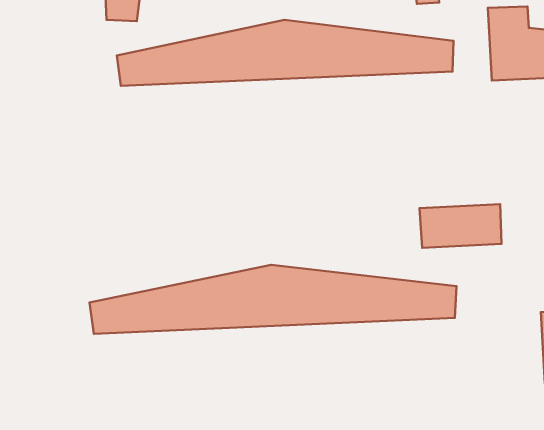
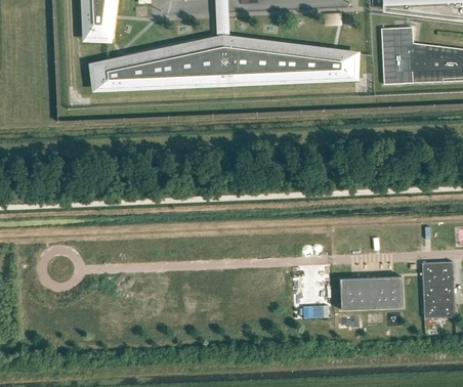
building: [420,204,502,248] -> [340,276,404,310]
building: [89,265,456,334] -> none

